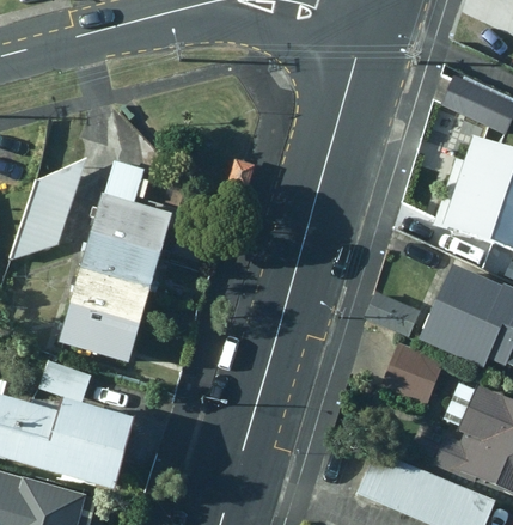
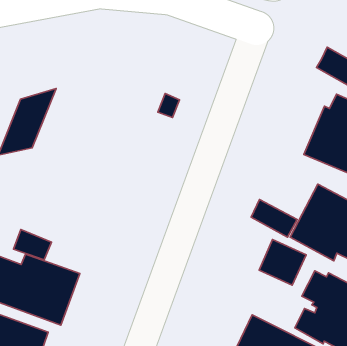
building: [57,158,171,358] -> none

